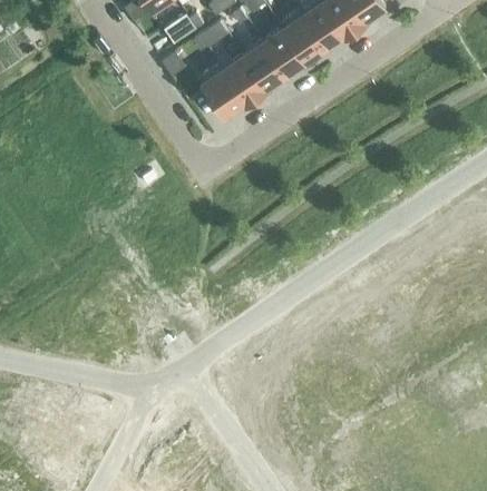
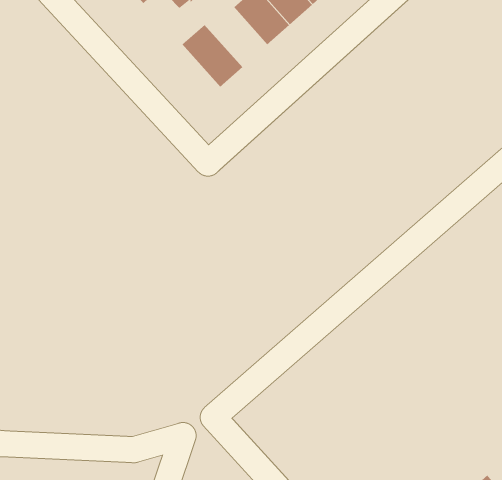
building: [212,57,263,107] -> none

